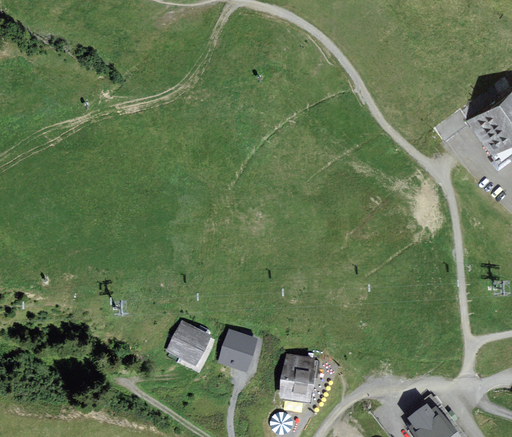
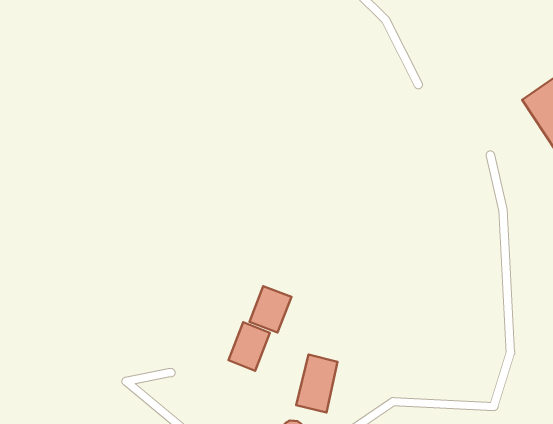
building: none -> [249,286,291,333]
building: [167,321,211,366] -> none

